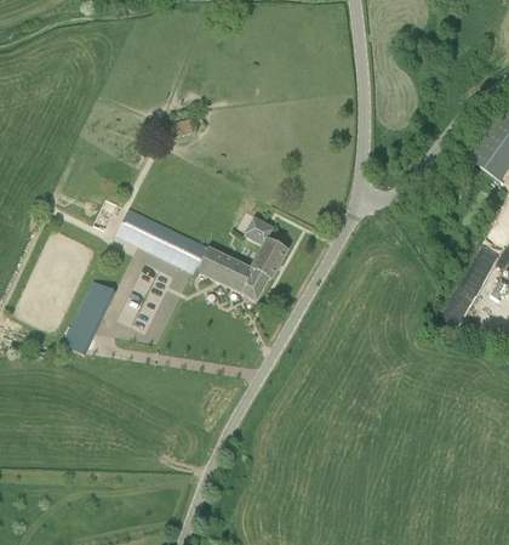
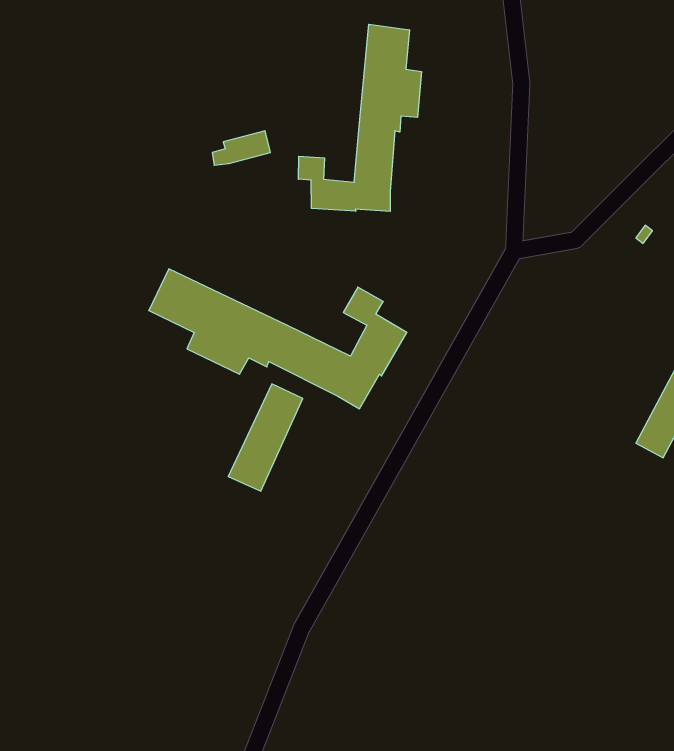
building: none -> [298,24,421,211]
building: [63,282,113,353] -> [228,384,303,491]

